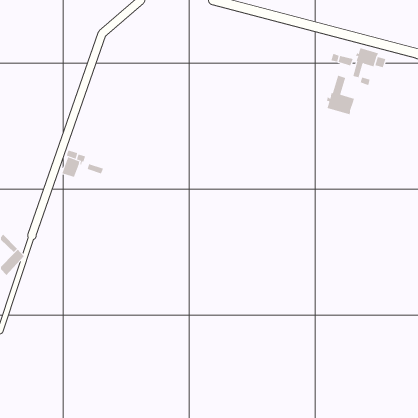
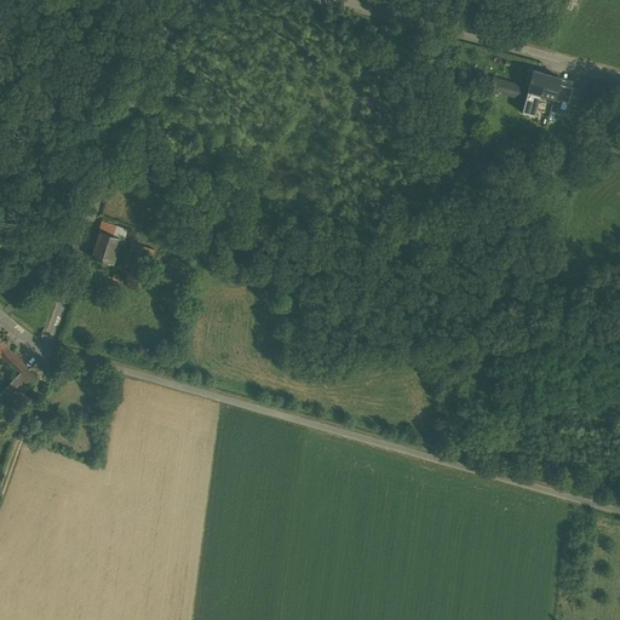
building: [327,75,355,115] -> none

